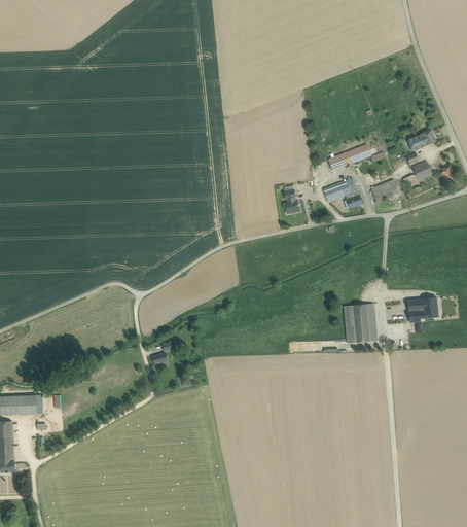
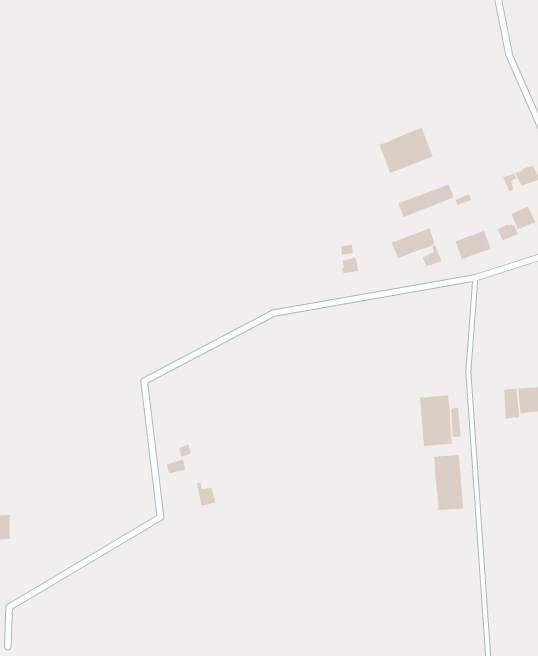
building: none -> [378,127,433,174]
building: none -> [433,454,464,511]

